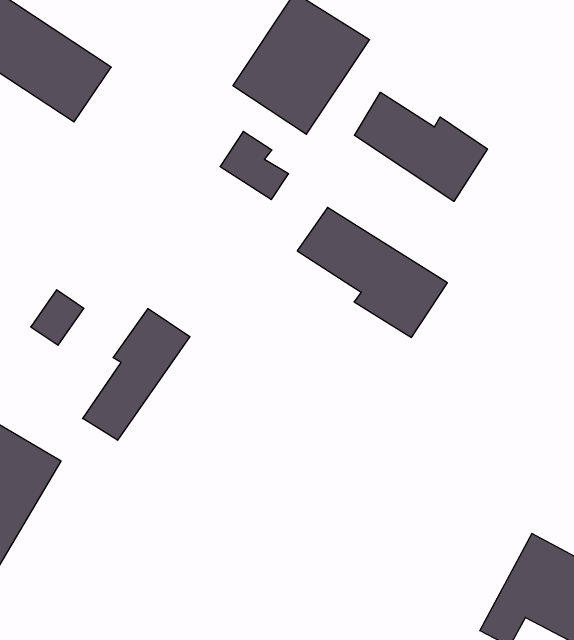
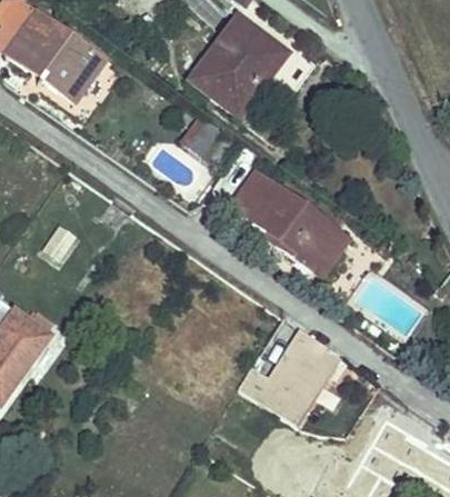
building: [354,92,487,201] -> none
building: [83,309,190,440] -> none
building: none -> [238,326,338,420]

